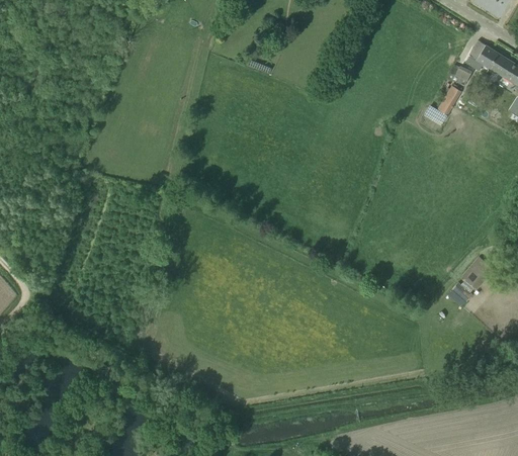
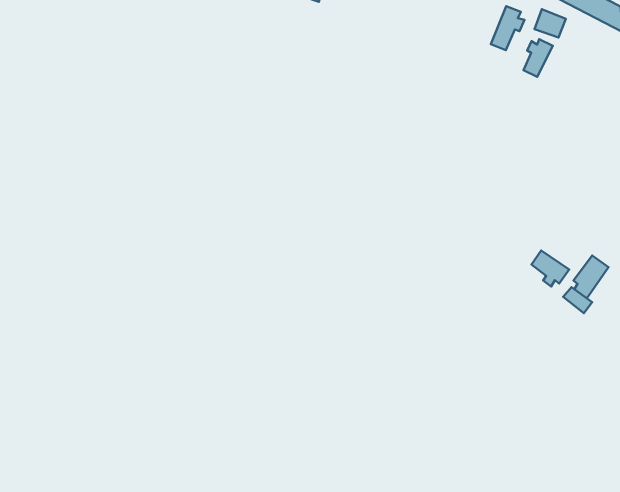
building: none -> [491,6,524,50]
building: none -> [531,250,569,286]

